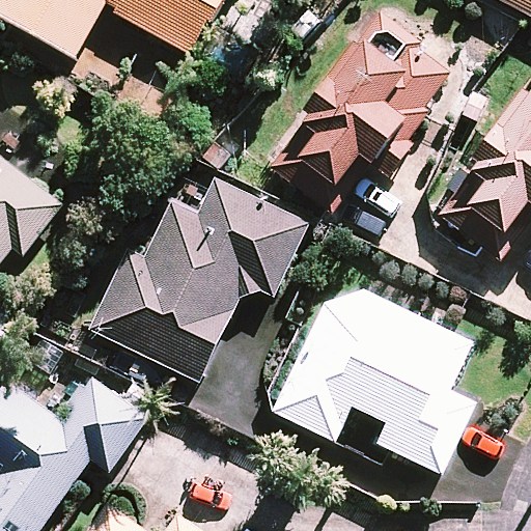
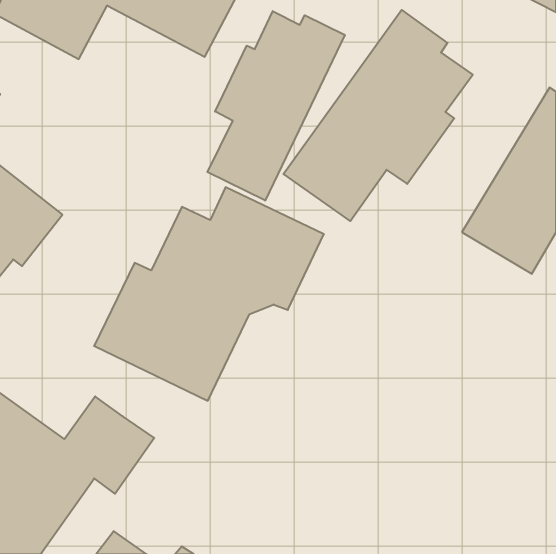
building: none -> [207,11,345,201]
building: [275,281,476,473] -> none

